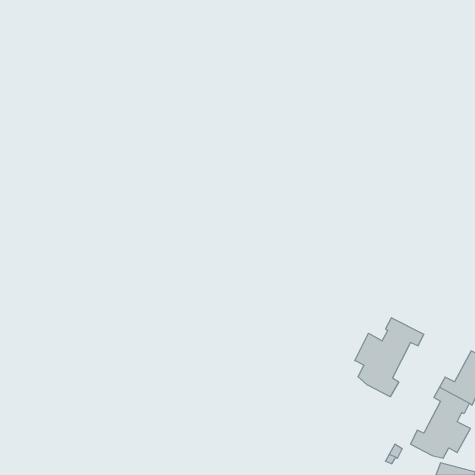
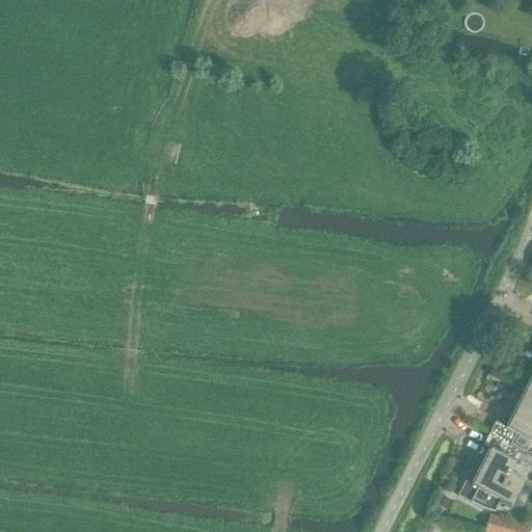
building: [355,318,424,397] -> none

